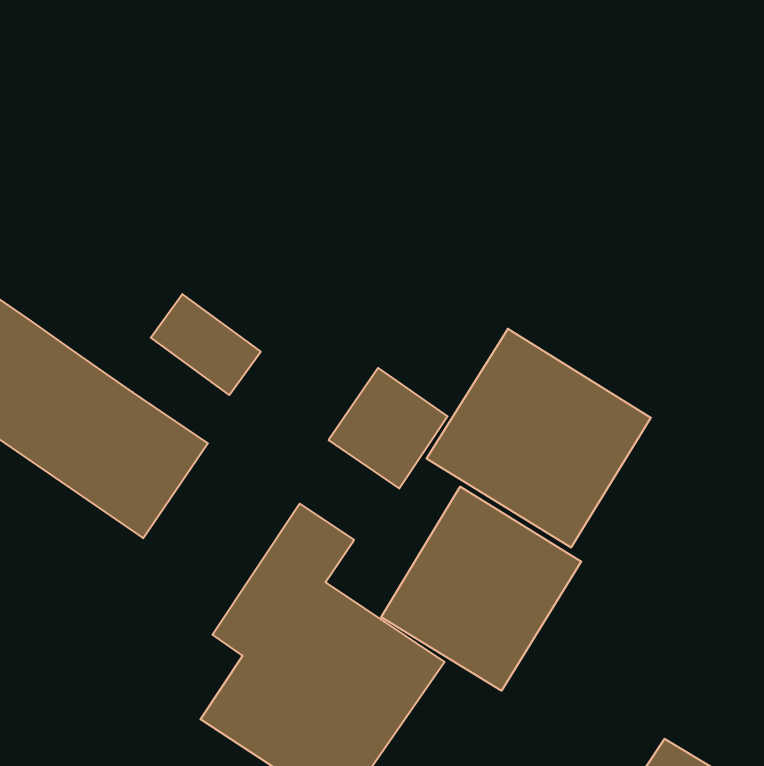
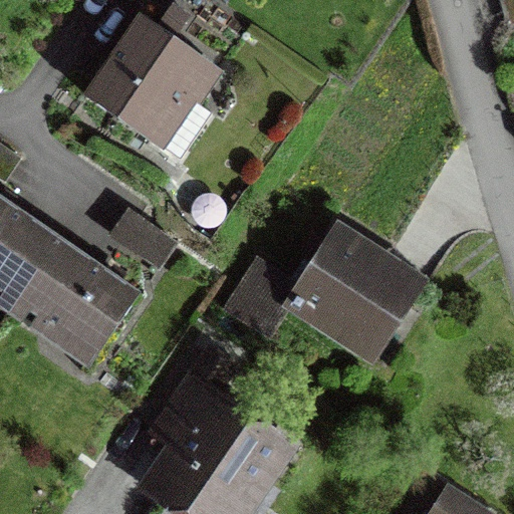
building: none -> [84,14,220,150]
building: [381,487,581,691] -> none

